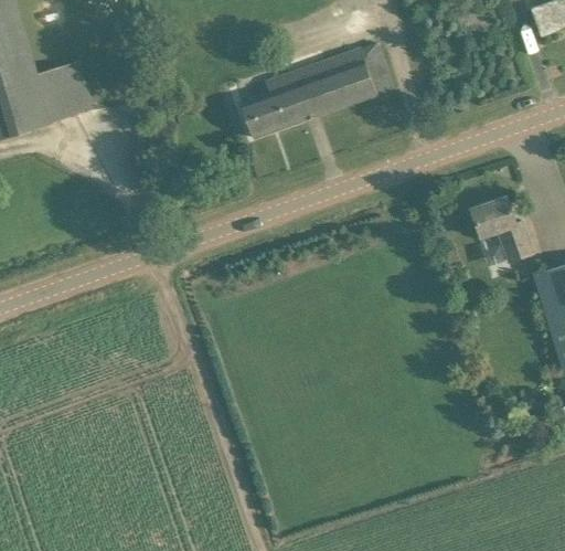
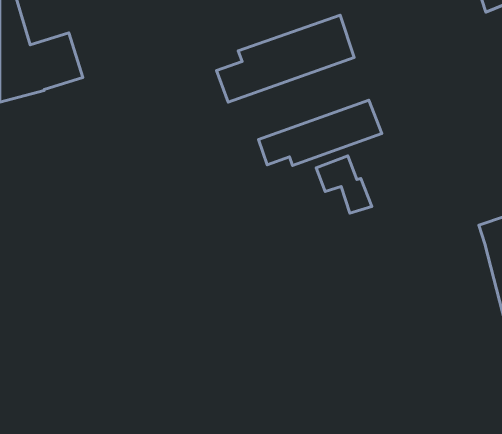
building: none -> [259,100,382,165]
building: [472,198,534,262] -> [316,156,372,213]

